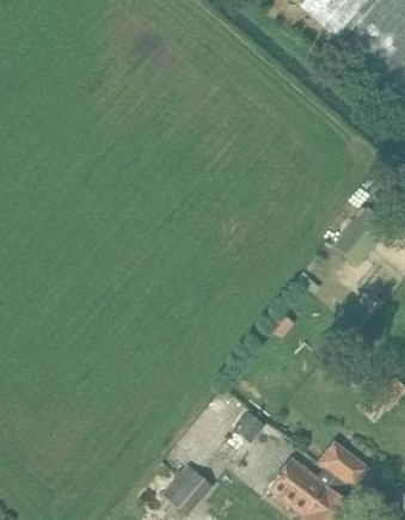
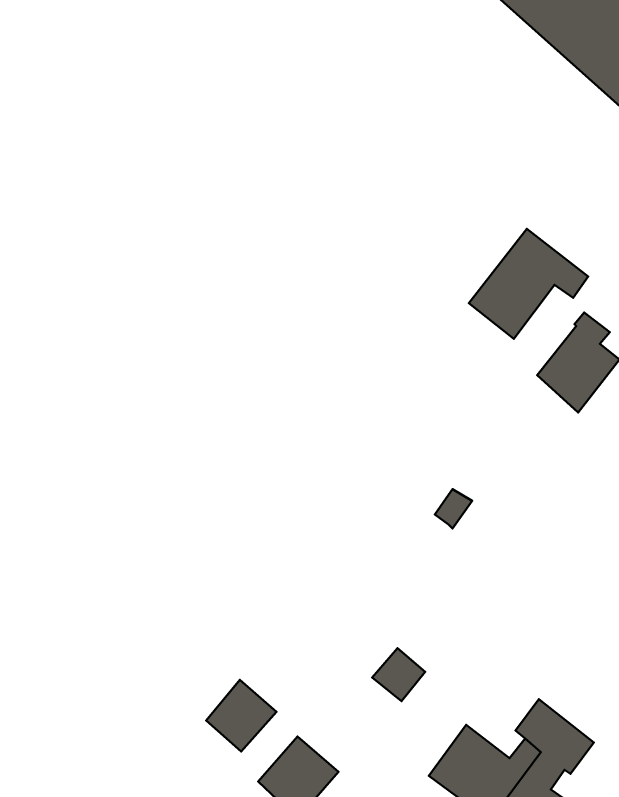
building: none -> [469,229,588,339]
building: none -> [206,680,277,751]

